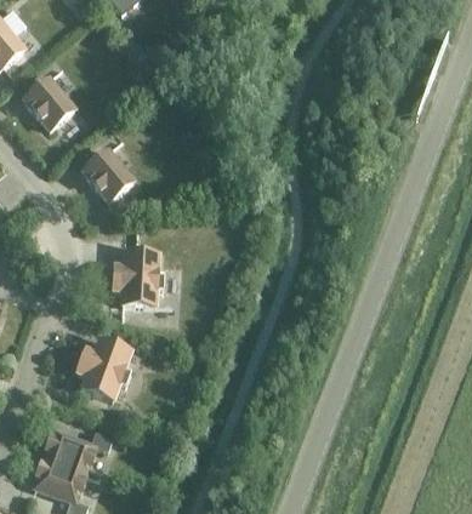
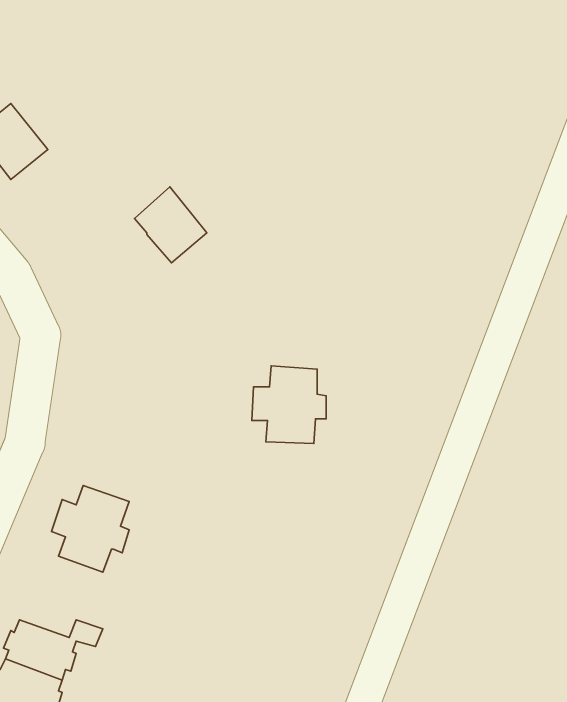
building: [83,149,132,201] -> [134,187,207,263]
building: [112,252,163,305] -> [252,366,326,444]

